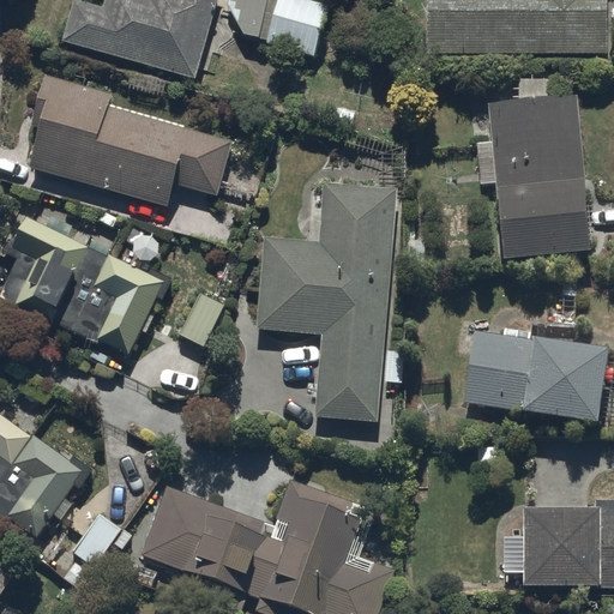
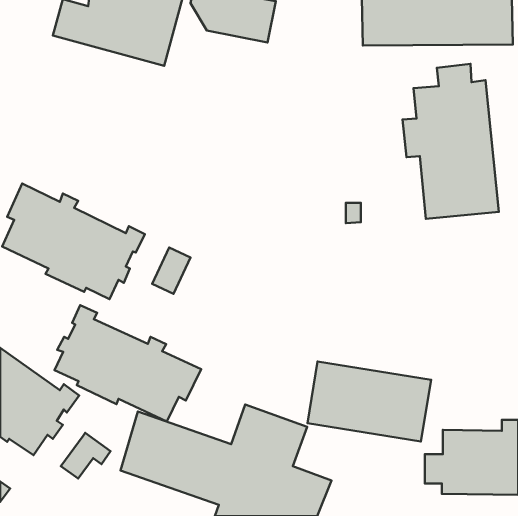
building: [31,76,231,205] -> none
building: [258,183,405,421] -> none
building: [462,329,608,423] -> [307,361,431,442]
building: none -> [54,305,201,421]

